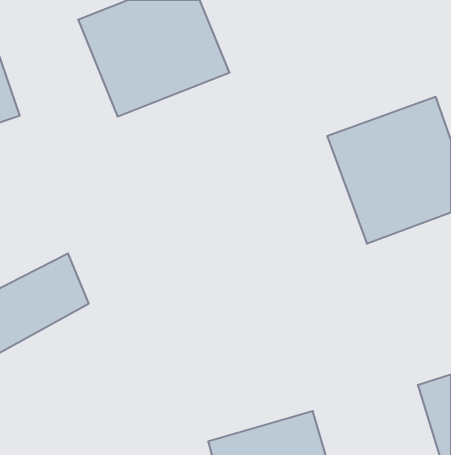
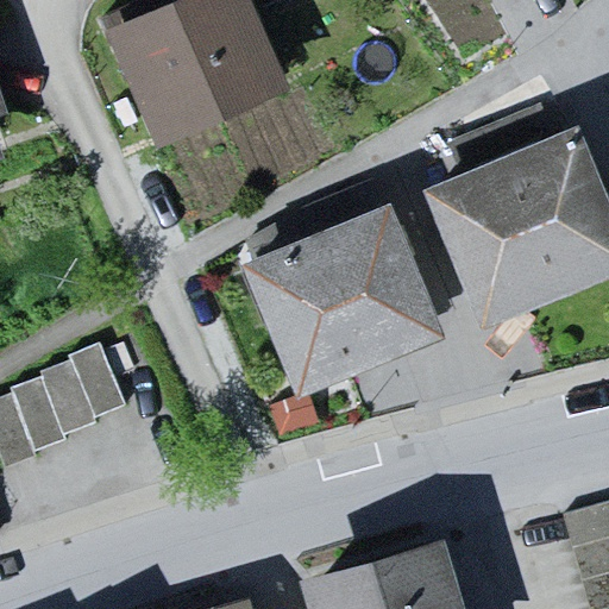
building: none -> [244,189,446,385]

